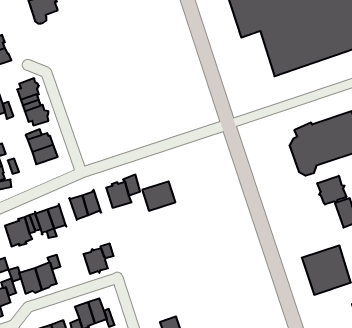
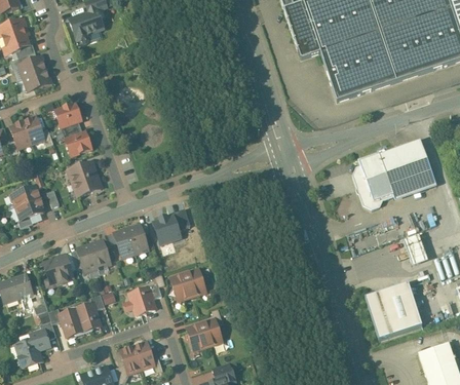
building: [317,176,346,205] -> none
building: [142,181,175,211] -> [169,269,205,301]
building: none -> [186,318,222,350]

